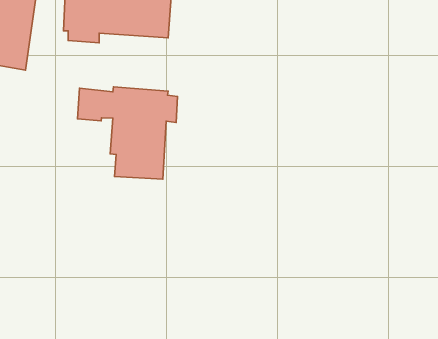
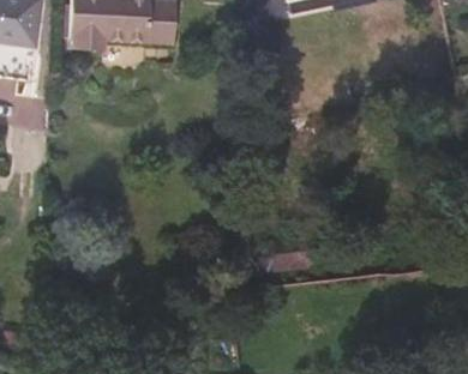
building: [78,87,177,179] -> none

